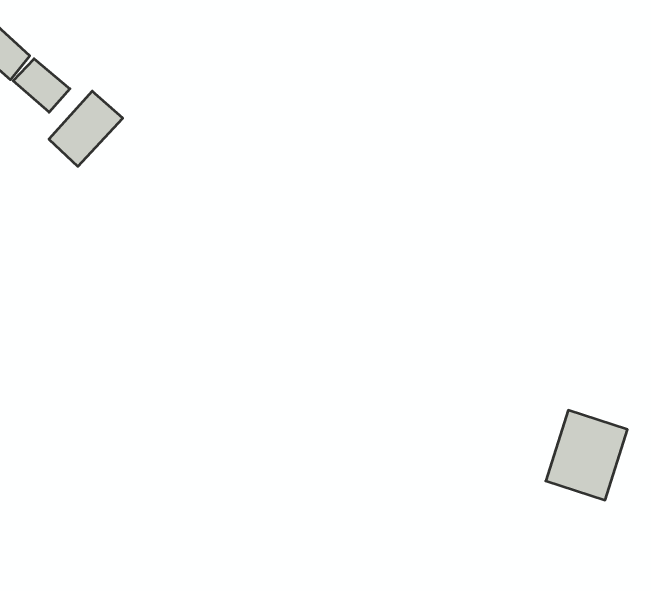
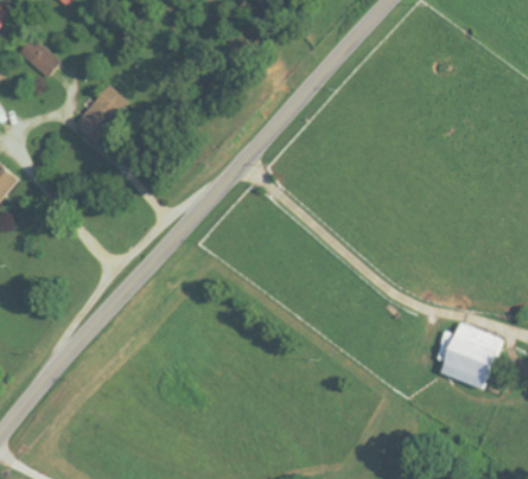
building: [13,59,70,112] -> none

